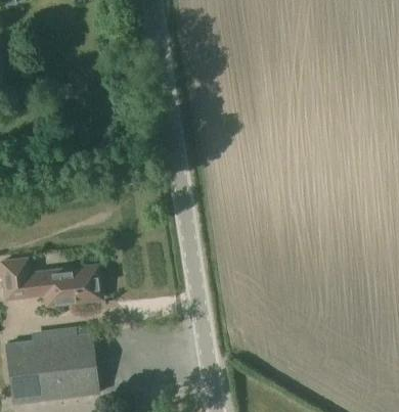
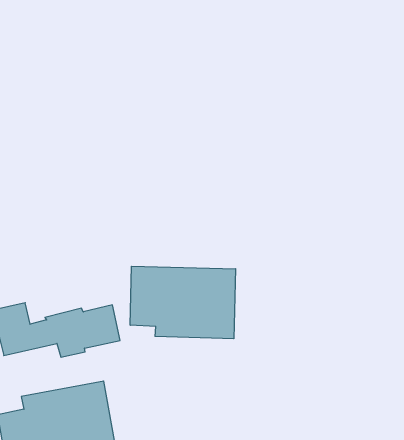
building: none -> [130,266,236,339]

